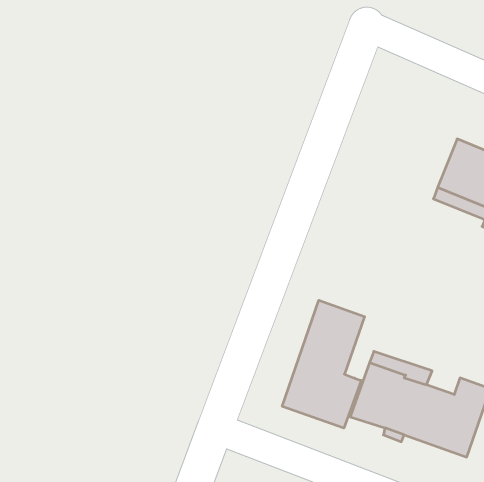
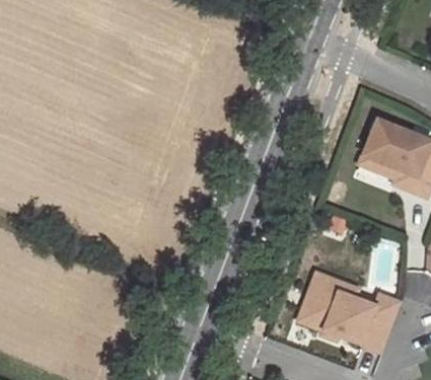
building: [282,300,365,428] -> none

